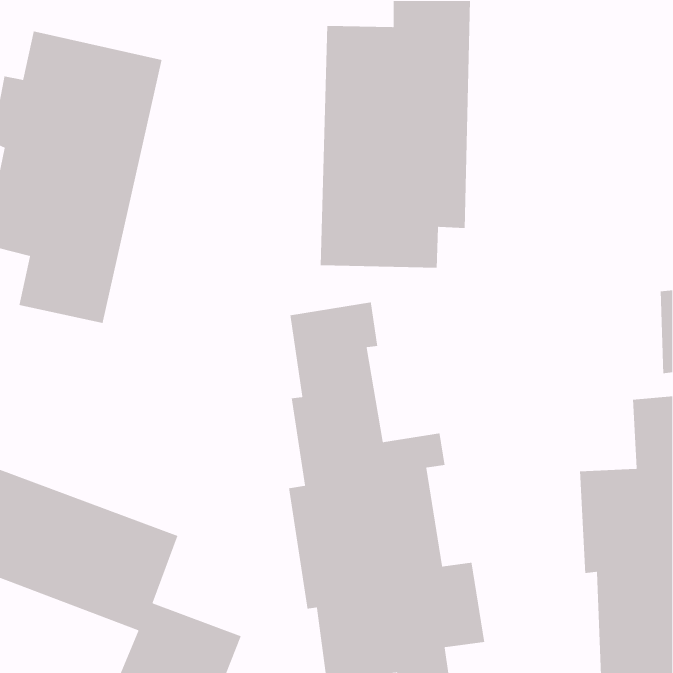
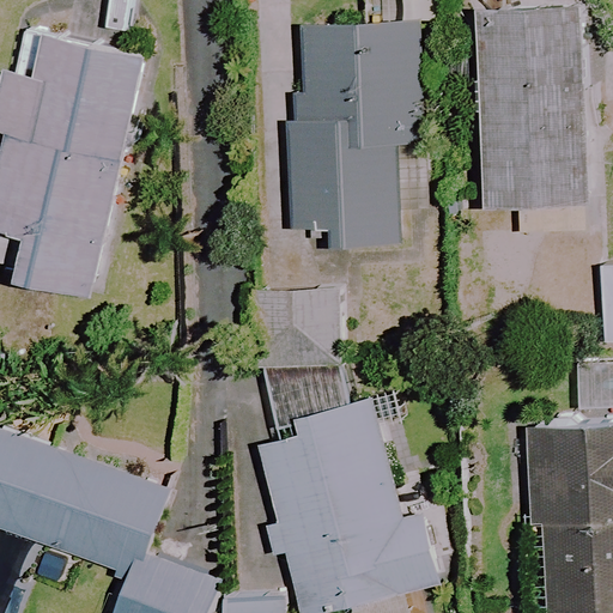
building: none -> [482,7,587,241]

